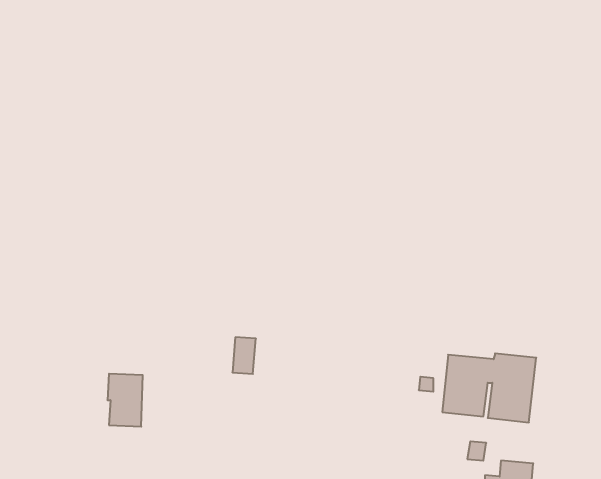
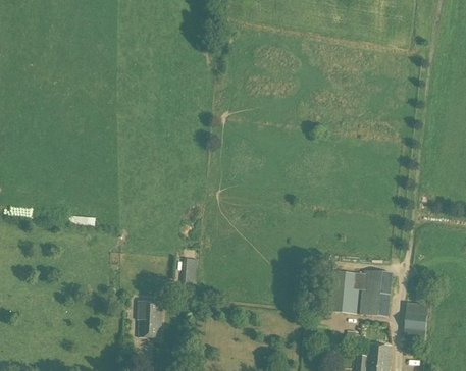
building: [107,374,143,427] -> [137,301,161,337]
building: none -> [404,313,426,339]

